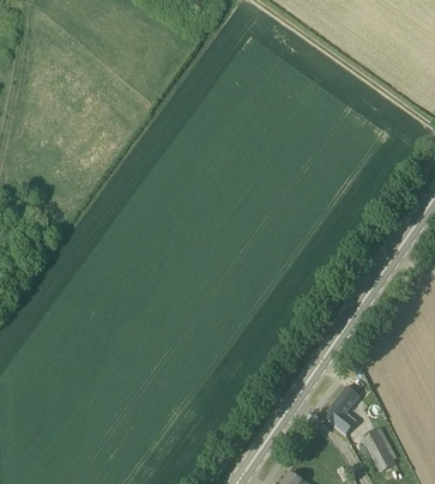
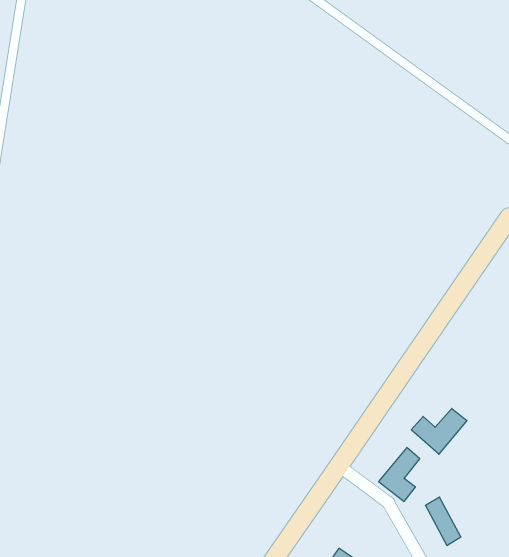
building: none -> [411,408,467,454]

